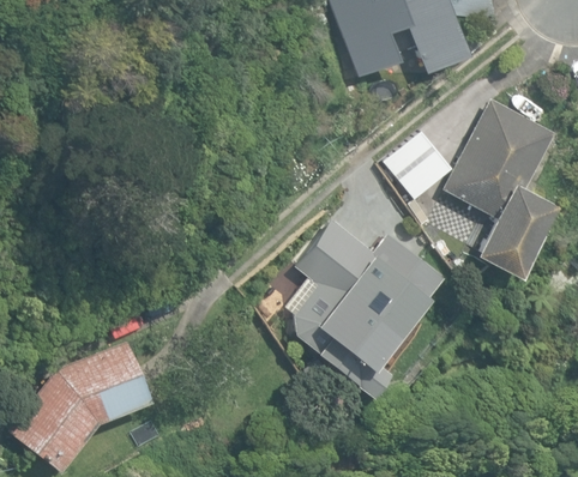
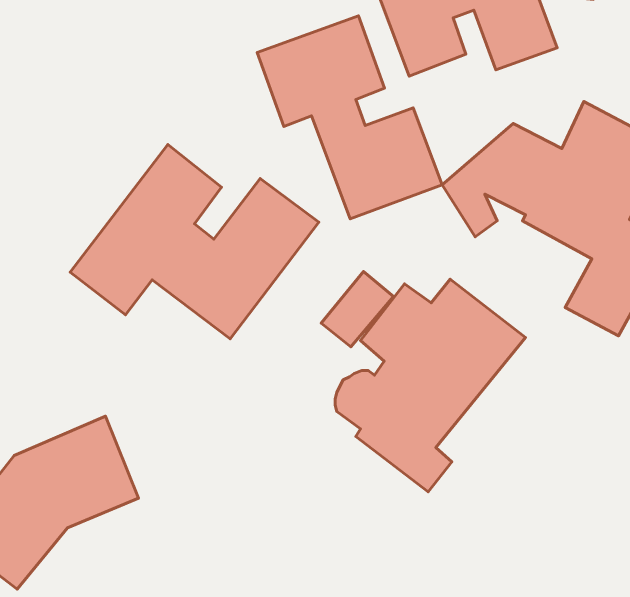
building: none -> [257,16,442,219]
building: none -> [70,145,319,339]

